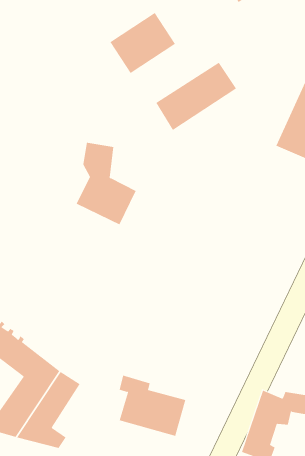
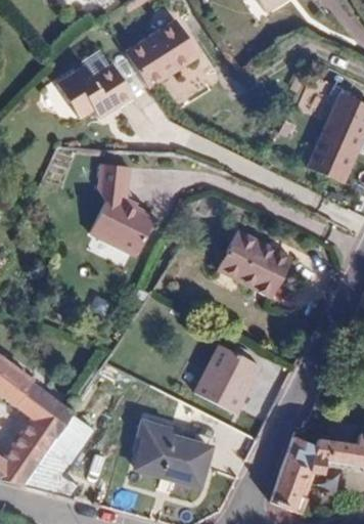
building: none -> [57,66,131,116]
building: [156,62,237,131] -> none
building: none -> [216,229,291,297]
building: none -> [199,348,260,411]

